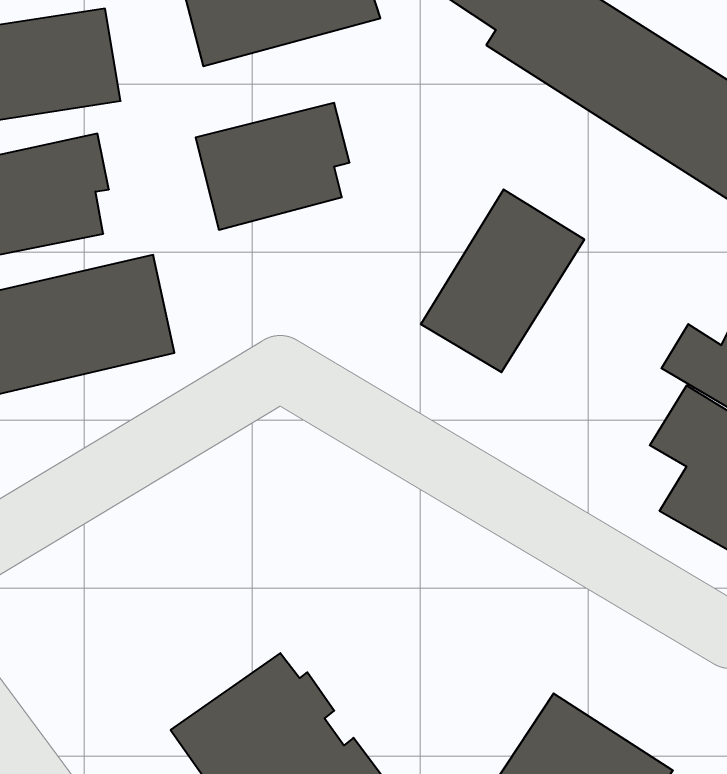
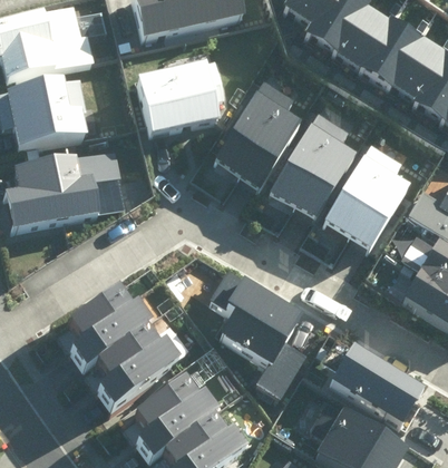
building: none -> [214,77,301,185]
building: none -> [324,139,419,247]
building: none -> [207,271,324,407]
building: none -> [56,292,177,411]
building: none -> [331,339,431,420]

